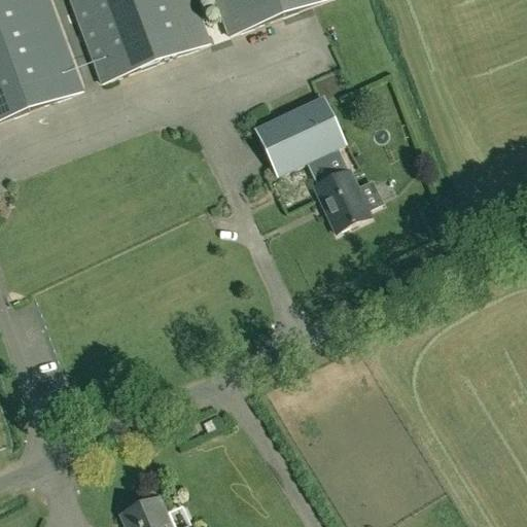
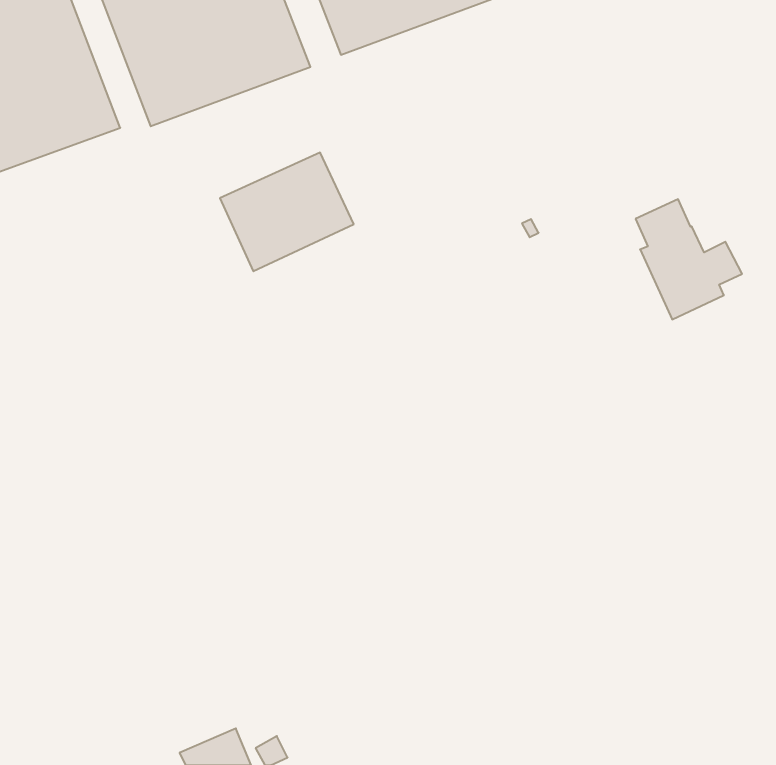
building: [252,90,343,170] -> [220,153,354,271]
building: [311,148,383,230] -> [636,199,742,319]

